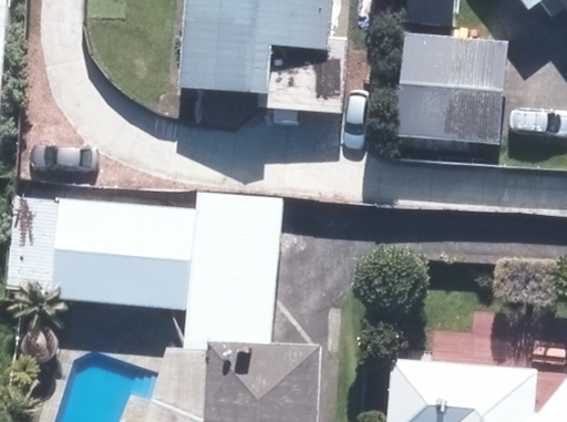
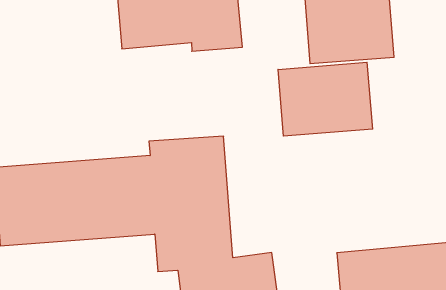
building: none -> [278,62,373,136]

